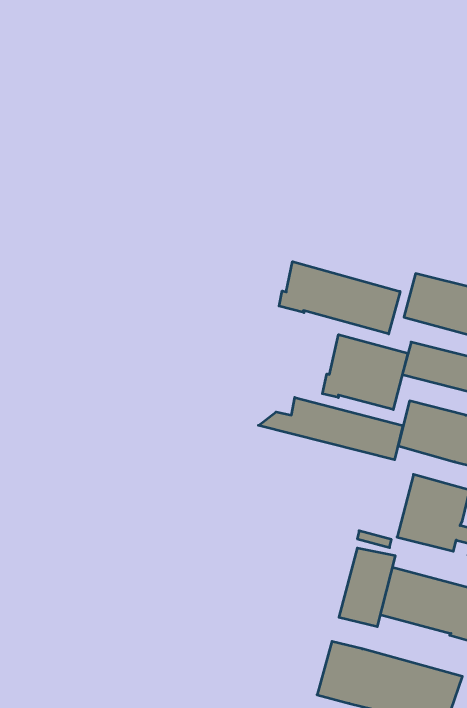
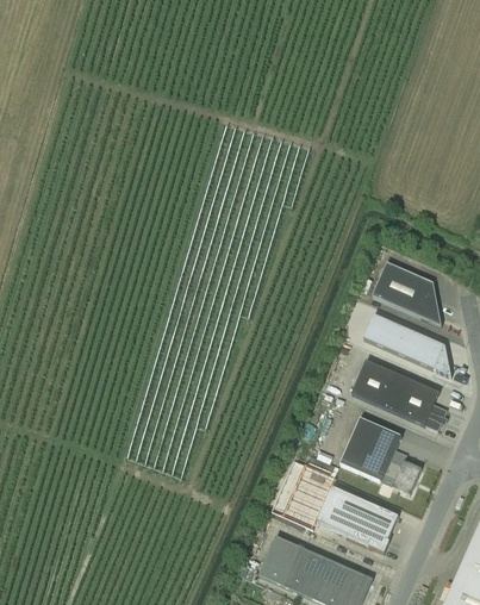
building: [279,262,400,334] -> none
building: [322,335,408,410] -> none
building: [258,397,403,460] -> none

